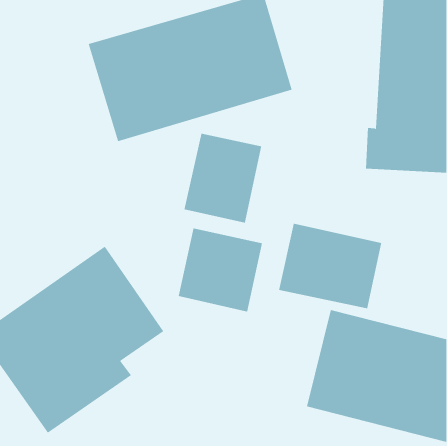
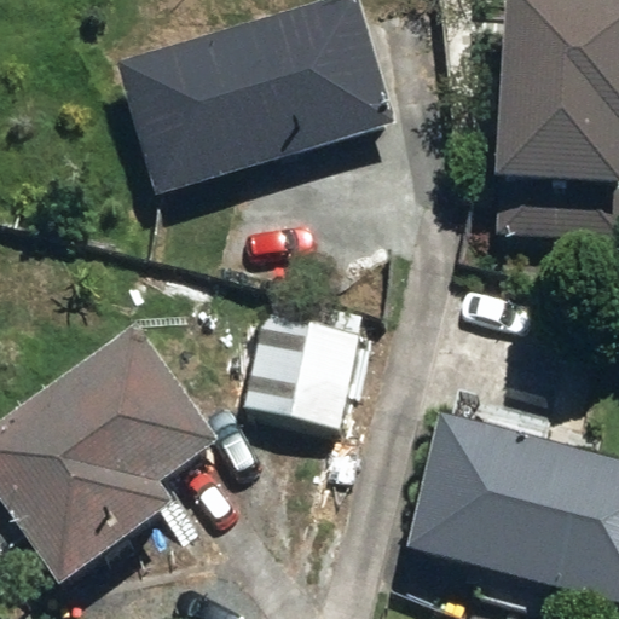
building: [184,133,262,223] -> none
building: [279,223,382,309] -> none

